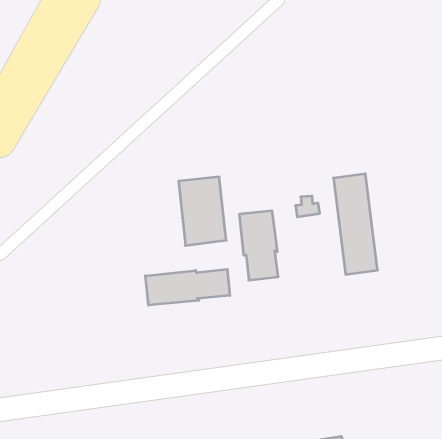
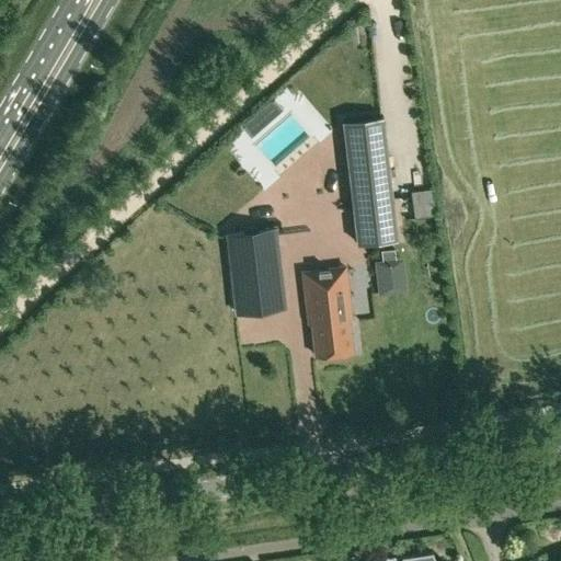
building: [333,174,378,274] -> [343,122,399,249]
building: [145,269,230,305] -> none

